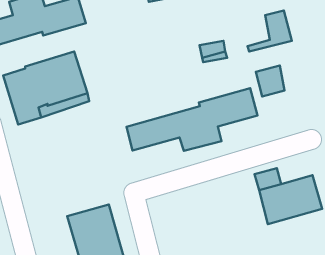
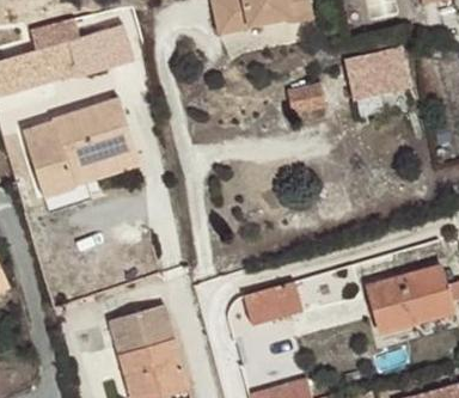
building: [256,65,284,97] -> [343,50,381,92]
building: [126,88,257,151] -> none
building: none -> [243,282,302,325]

